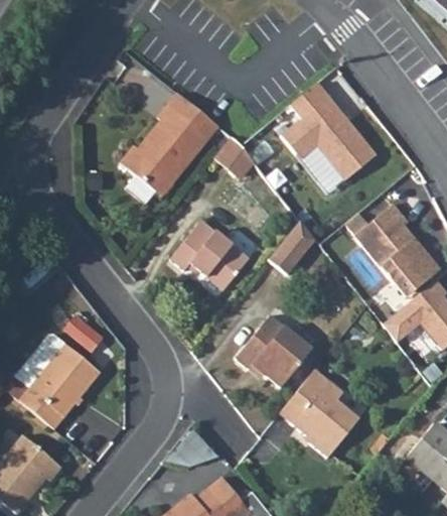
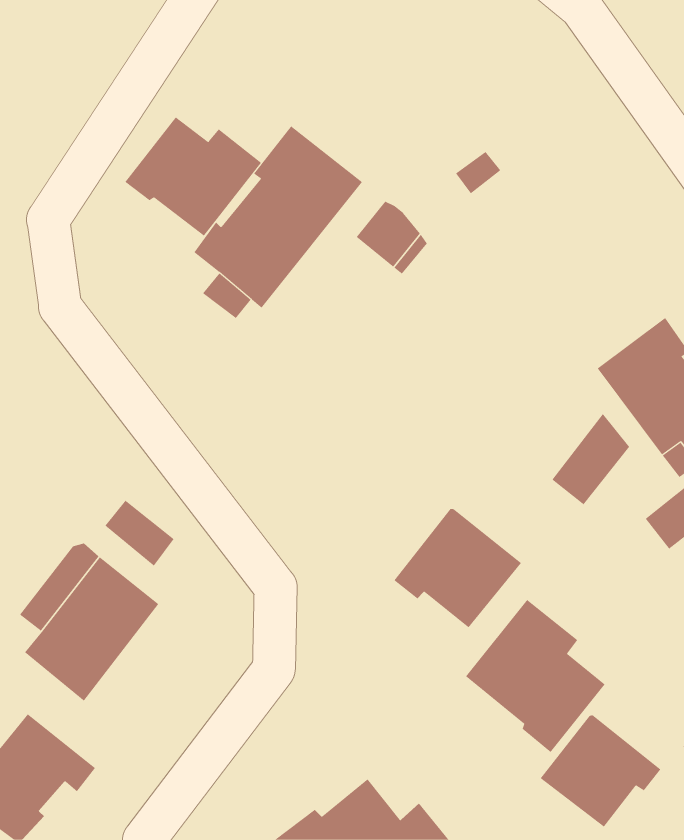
building: [286,79,381,180] -> none
building: none -> [124,116,262,236]
building: [270,218,316,272] -> [551,413,630,505]
building: [169,223,248,292] -> none
building: none -> [540,715,661,828]

